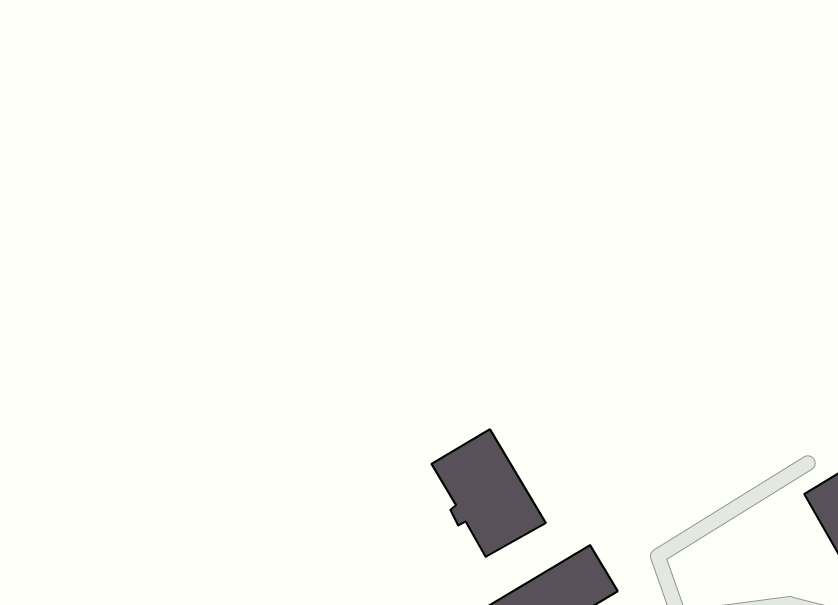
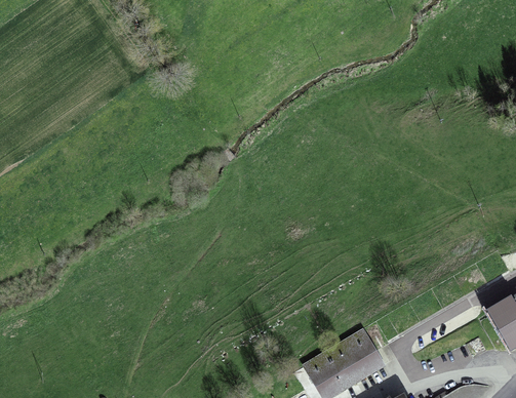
building: [432,429,546,557] -> none

